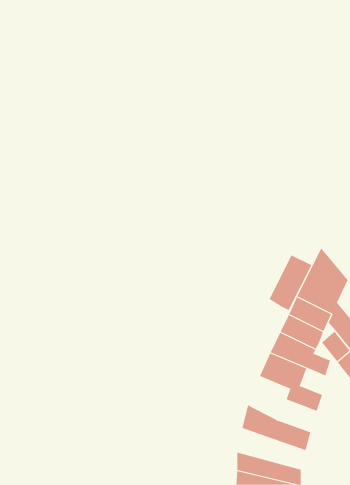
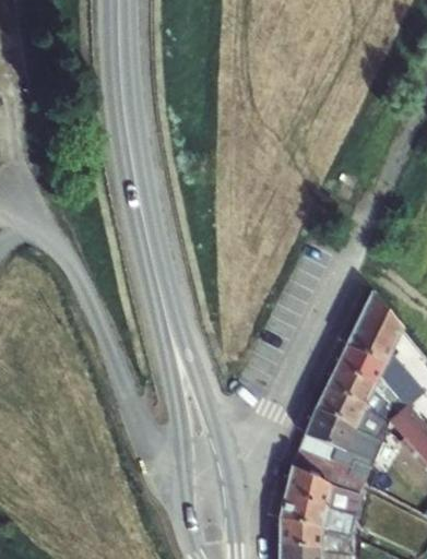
building: [269,254,312,311] -> none
building: none -> [292,435,339,484]
building: none -> [280,492,357,538]

